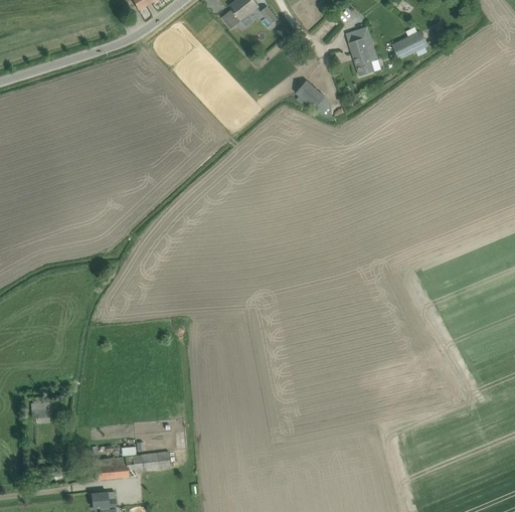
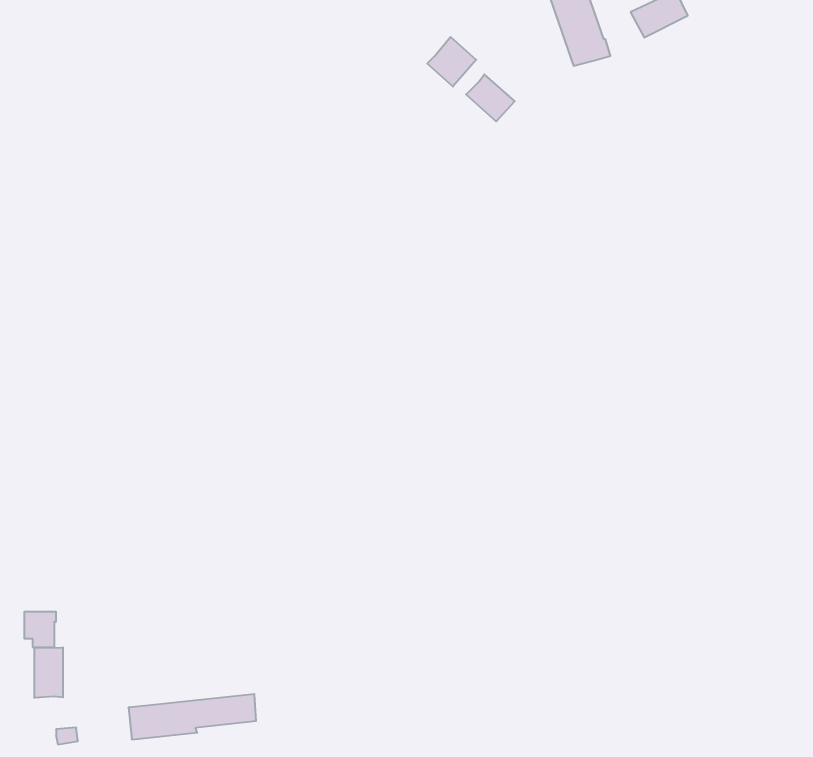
building: none -> [427,37,476,87]
building: none -> [34,647,63,698]

